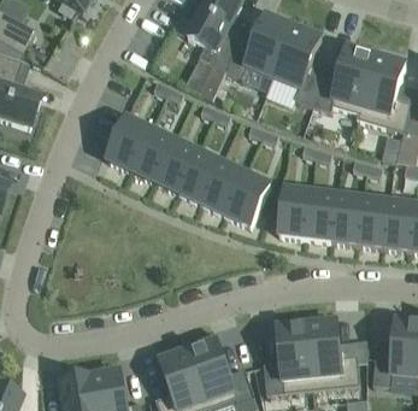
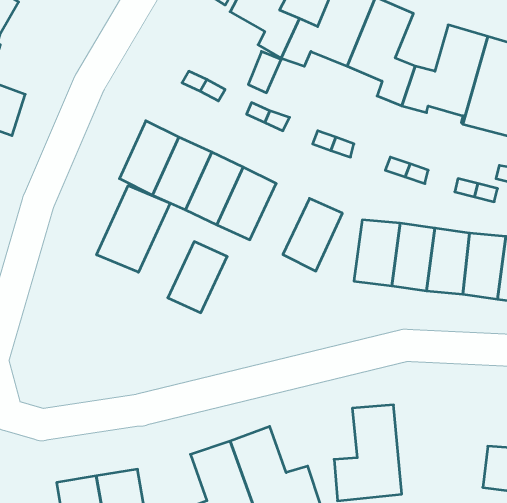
building: [204,162,247,213] -> [168,242,227,313]
building: none -> [97,186,170,272]
building: [308,319,361,388] -> none

